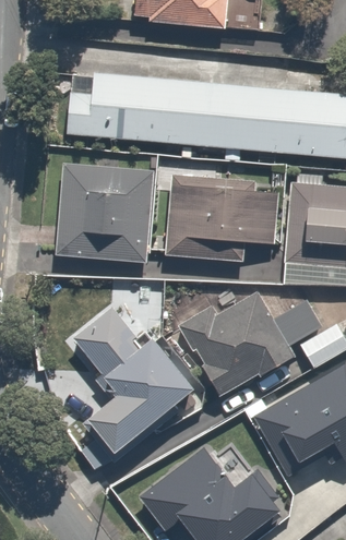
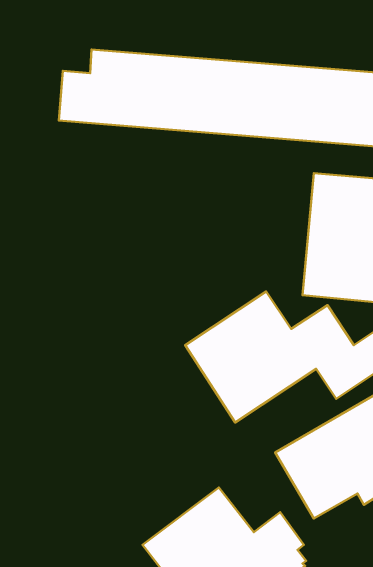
building: [55,161,159,263] -> none
building: [162,173,278,269] -> none
building: [65,293,196,472] -> none

